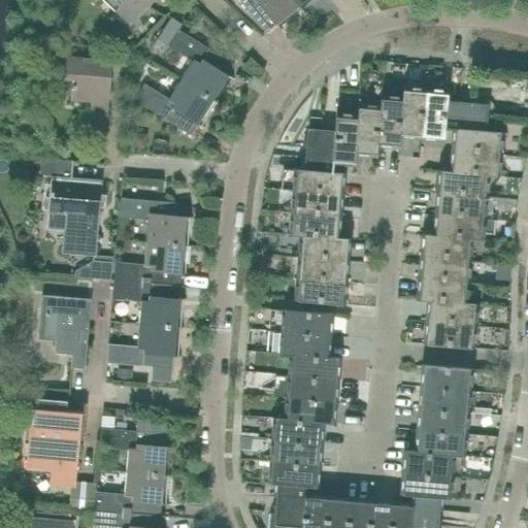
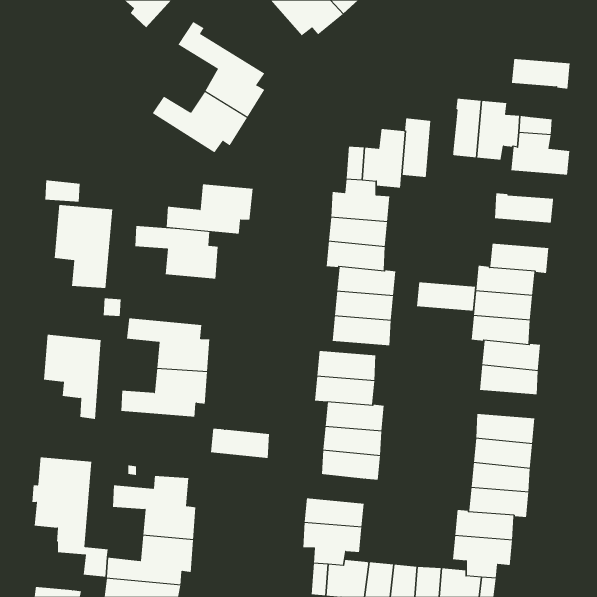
building: [60,57,111,130] -> none
building: [377,96,403,148] -> none
building: [449,151,501,177] -> [511,59,571,89]
building: [434,193,487,219] -> [416,282,476,311]
building: [113,242,191,287] -> [166,184,254,234]
building: [270,418,323,444] -> [210,428,270,458]

